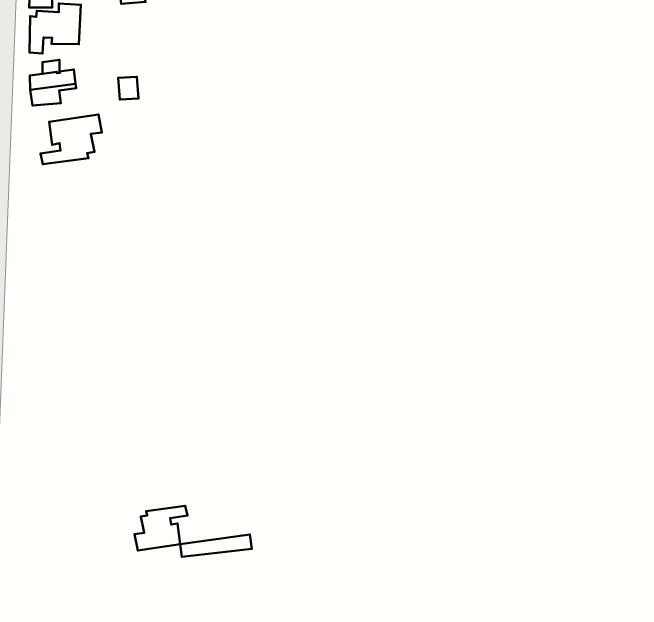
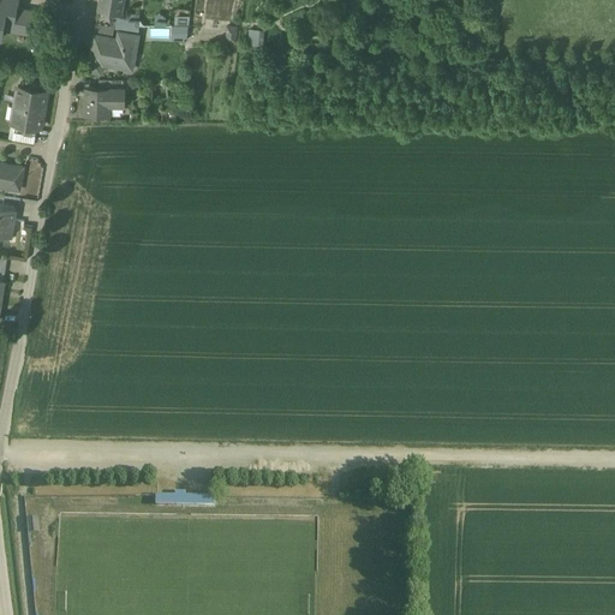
building: [40,114,102,164] -> none
building: [135,506,187,551] -> none

